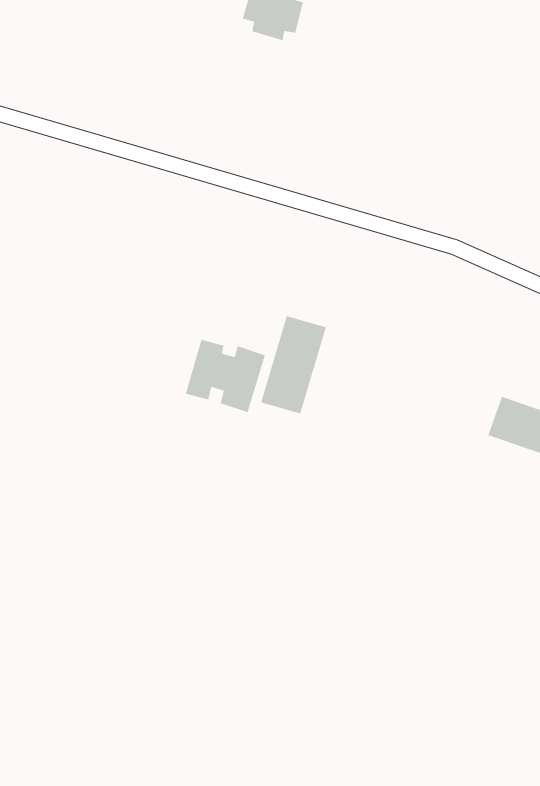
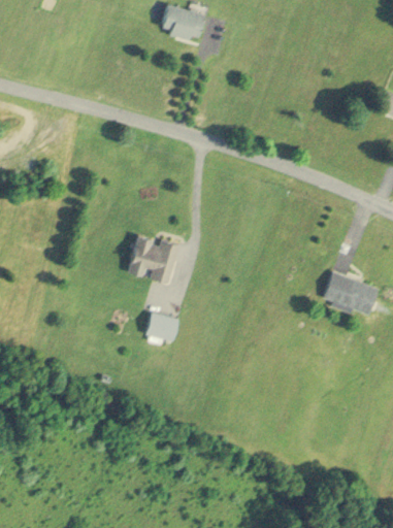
building: [260,315,327,414] -> none
building: none -> [144,314,176,342]

